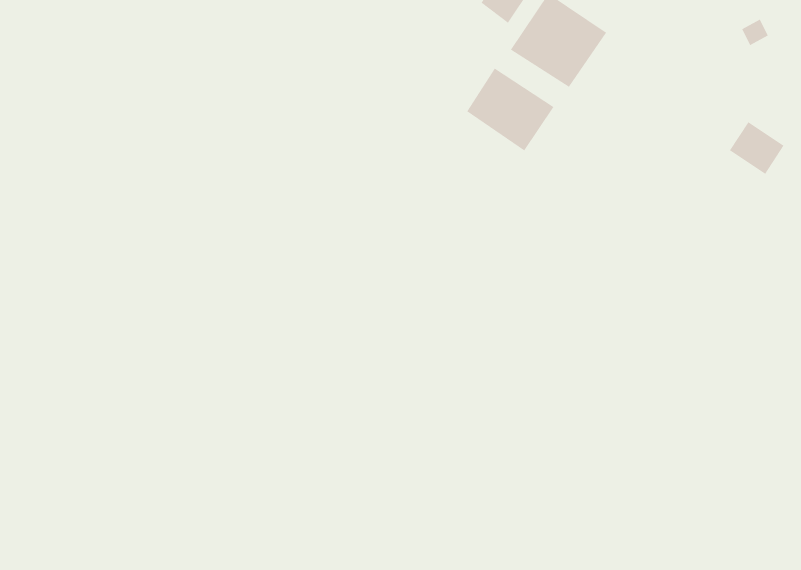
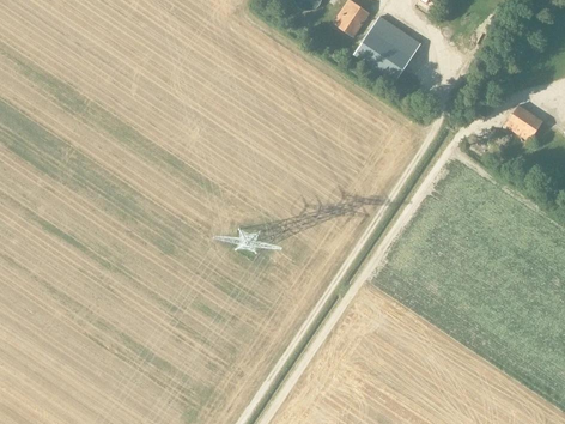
building: [466,67,554,152] -> none

